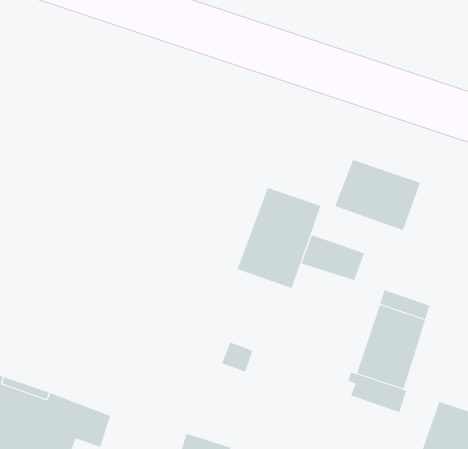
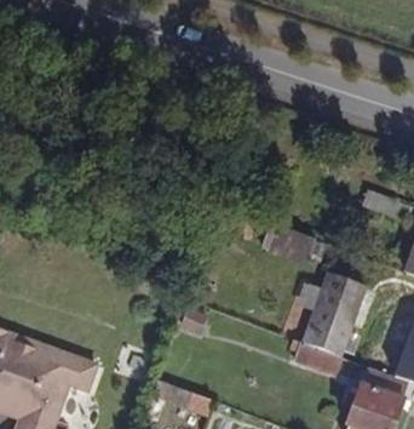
building: [334,159,421,231] -> none
building: [237,187,321,289] -> none

